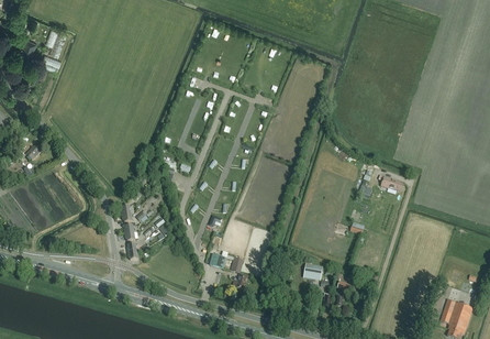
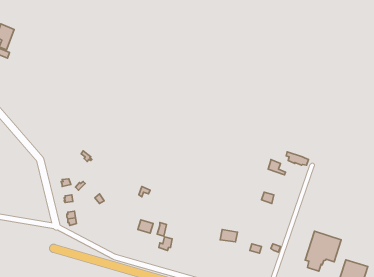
building: none -> [305,231,341,271]

